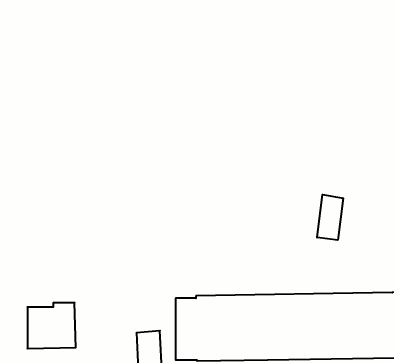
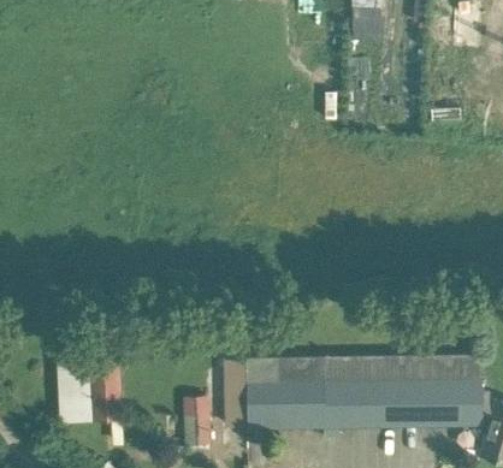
building: [317,195,343,240] -> none

